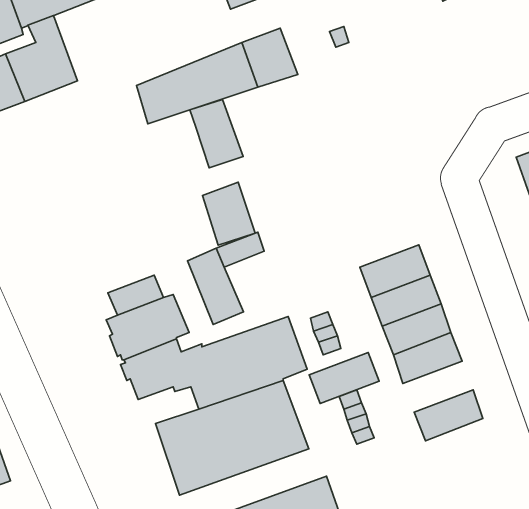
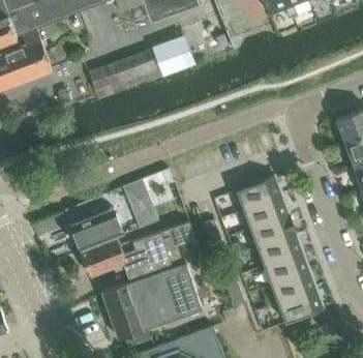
building: [190,99,243,168] -> none
building: [202,182,255,245] -> none
building: [309,352,379,403] -> [263,252,308,286]
building: none -> [277,290,322,324]

